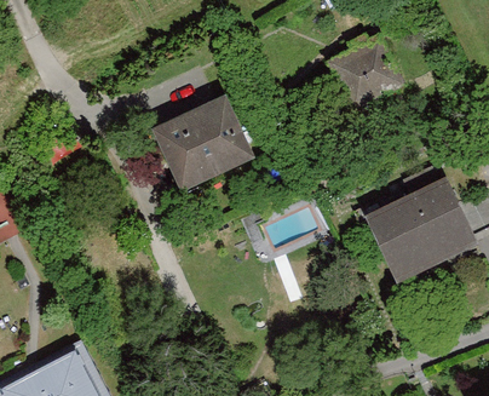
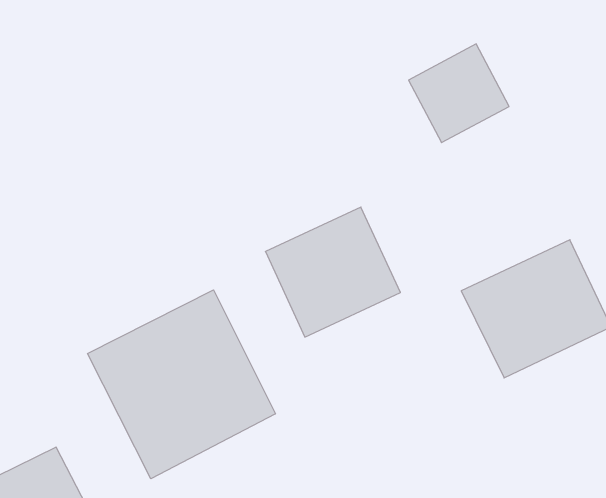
building: [160,105,259,201] -> [265,207,400,337]
building: none -> [88,290,275,479]

